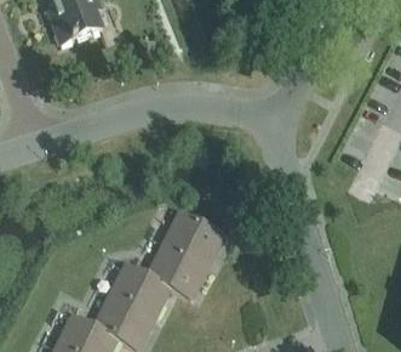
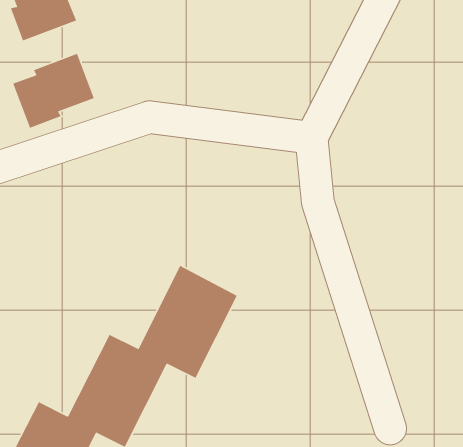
building: none -> [12,53,95,129]

